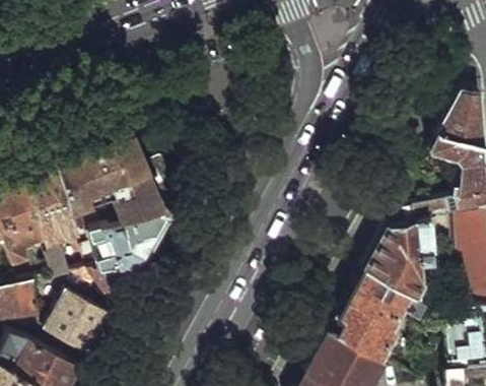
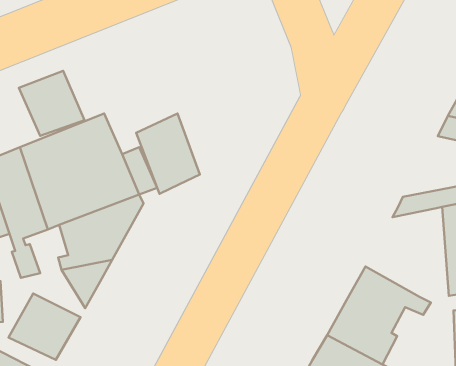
building: none -> [19,71,84,136]
building: none -> [136,114,200,194]
building: [366,220,432,301] -> none

